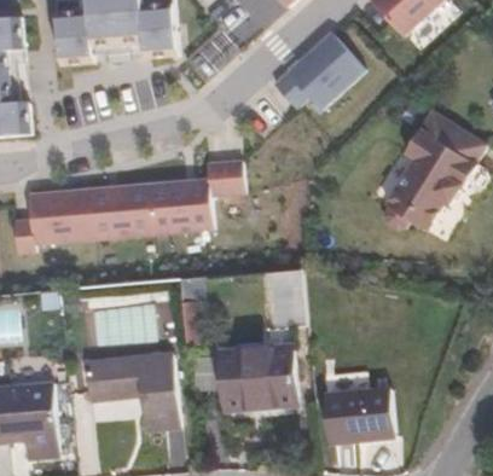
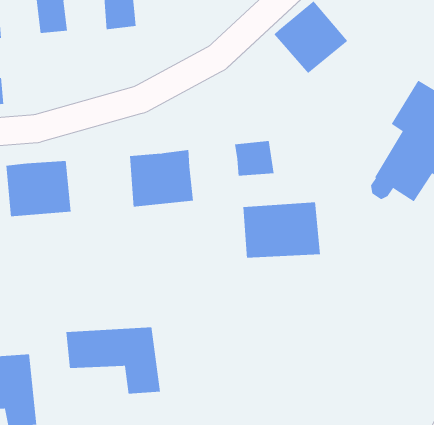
building: [203,162,243,197] -> [234,141,274,176]
building: [85,186,150,242] -> none
building: [220,348,297,404] -> [242,202,321,258]
building: [336,394,401,443] -> none

